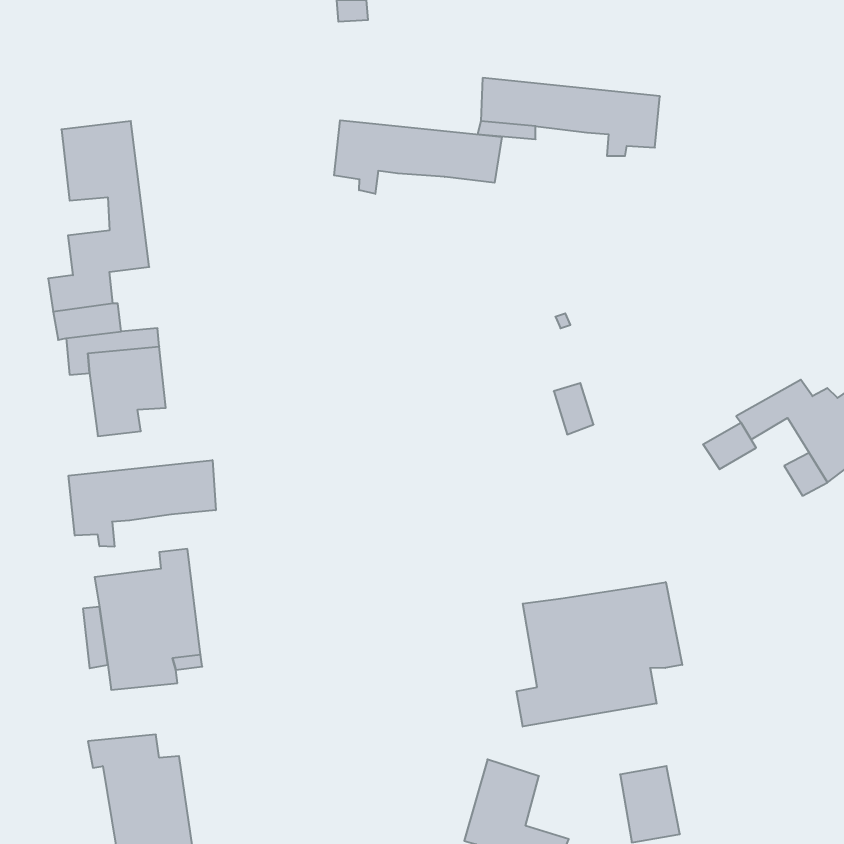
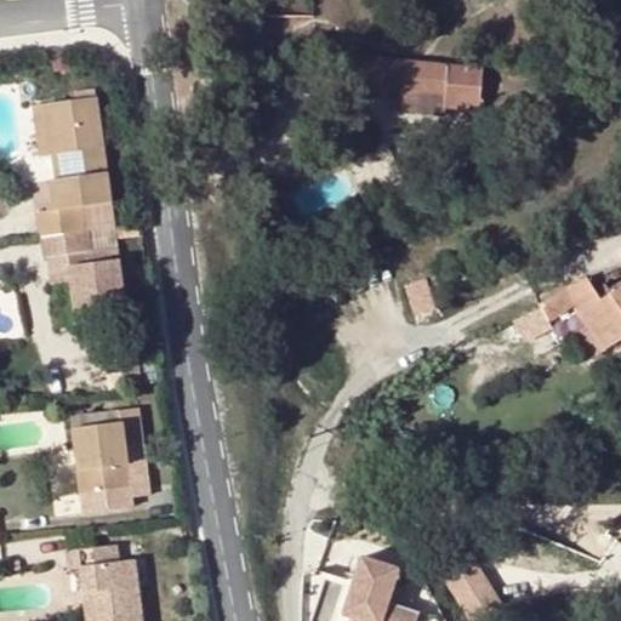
building: [334,120,502,194] -> none
building: [69,460,216,547] -> none
building: [516,582,682,727] -> none

